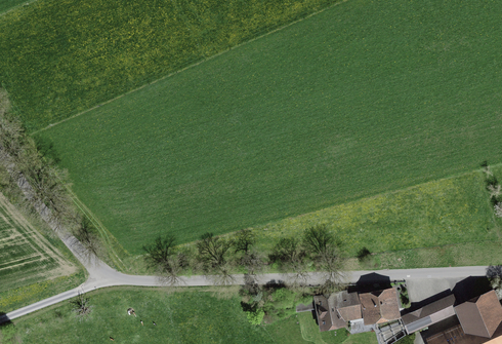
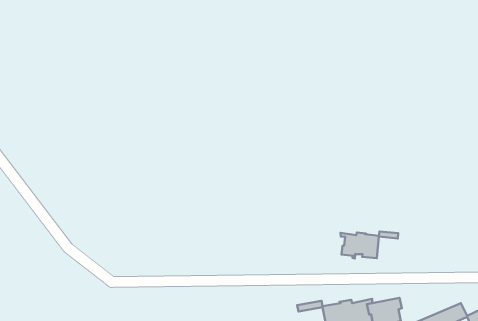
building: none -> [341,231,398,258]

